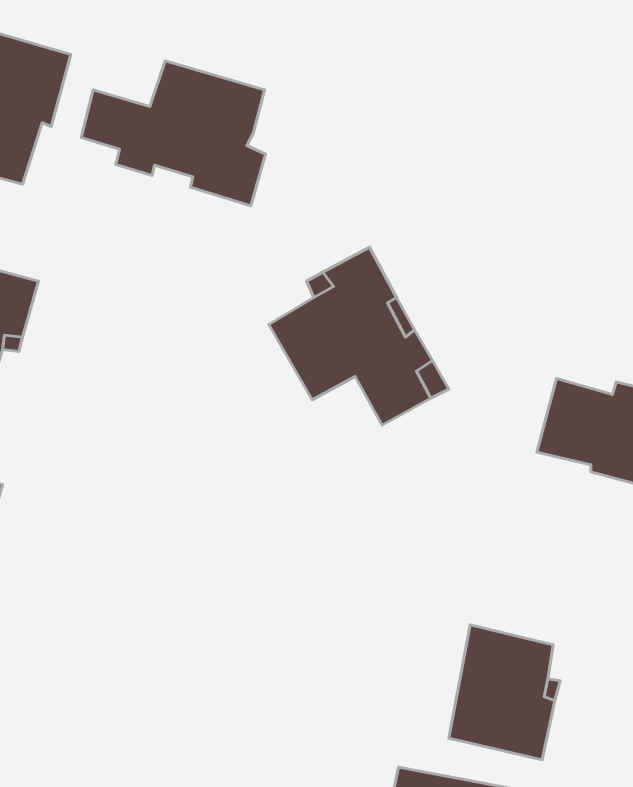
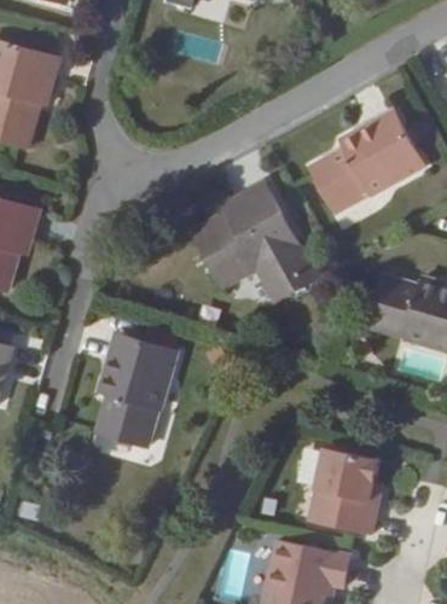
building: [81,61,265,206] -> none
building: none -> [309,111,423,211]
building: none -> [98,335,178,447]

